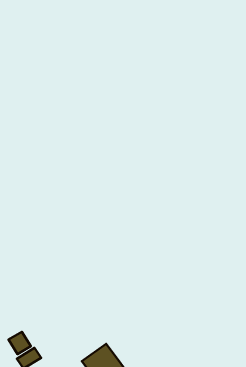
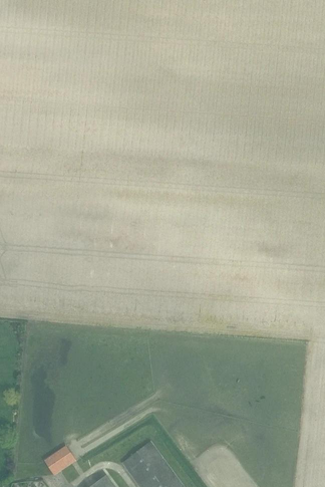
building: [8,332,31,354] -> none

